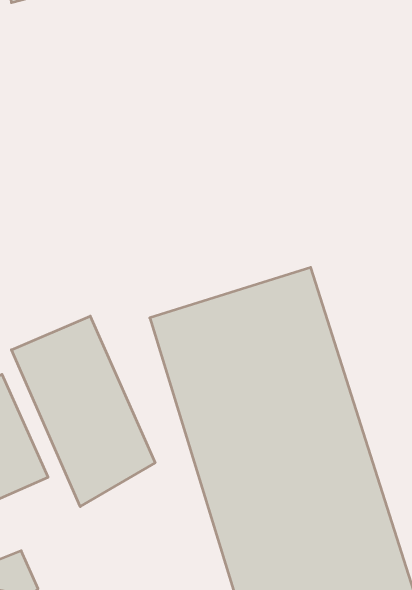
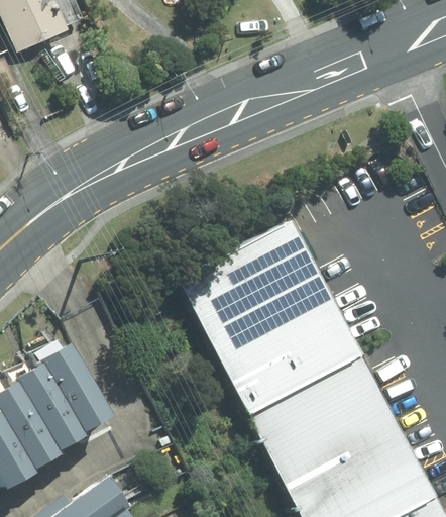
building: [11,316,155,507] -> none

